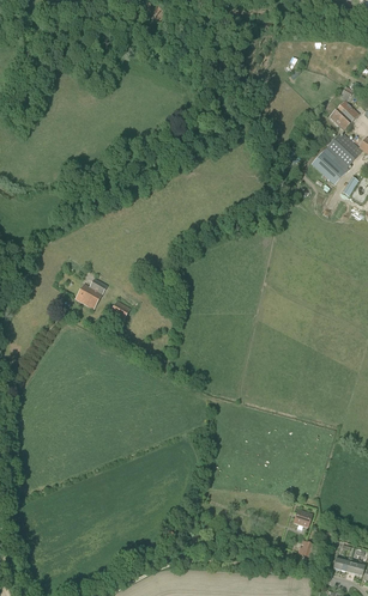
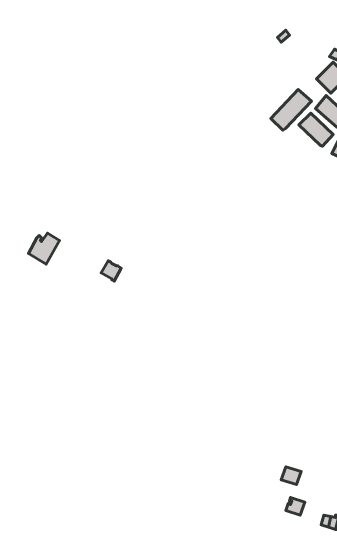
building: none -> [271,89,311,130]
building: [76,278,107,309] -> [29,233,59,264]

